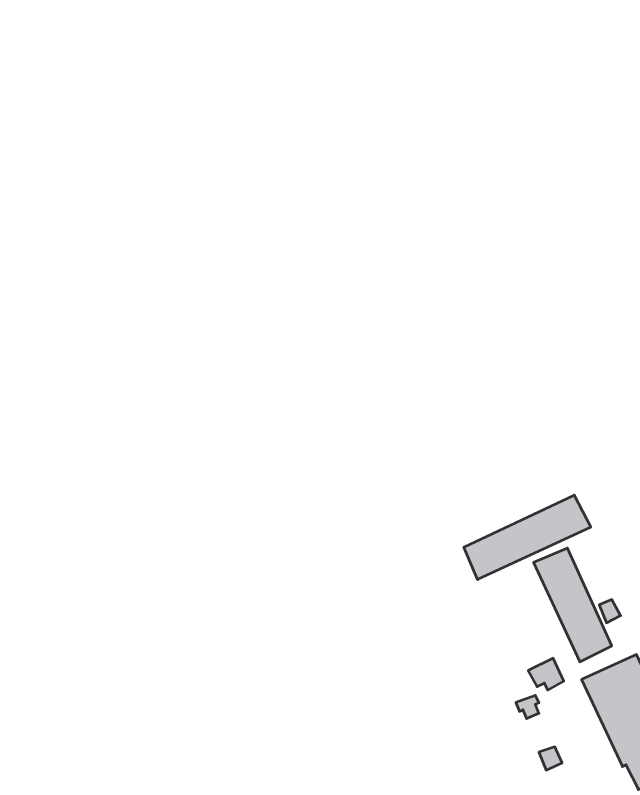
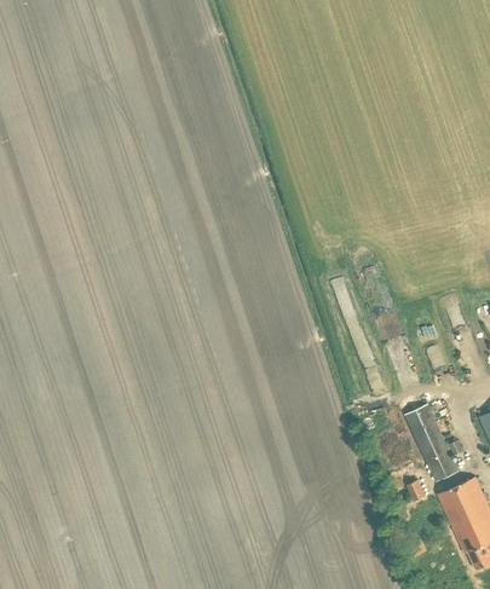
building: [464,495,591,580] -> none

